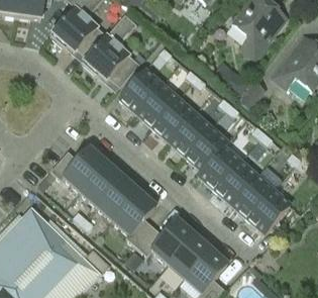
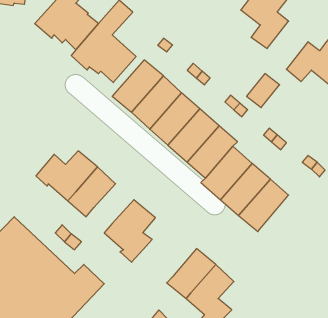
building: [95,176,137,219] -> none
building: [247,186,292,233] -> none
building: [135,218,193,264] -> none

